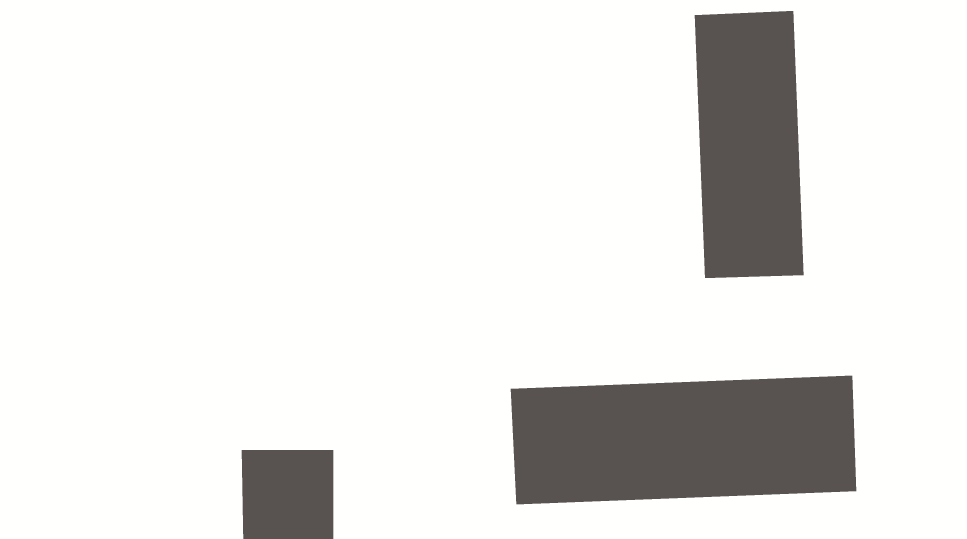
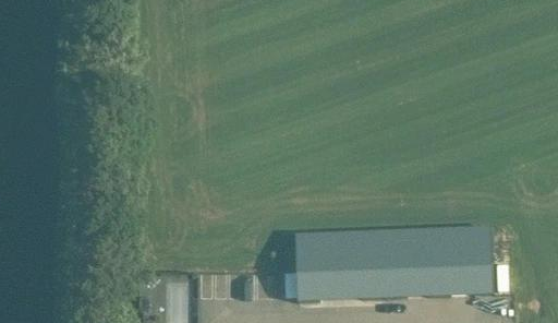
building: [694,10,804,279] -> none

